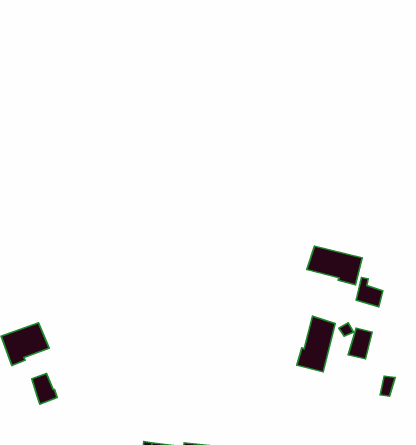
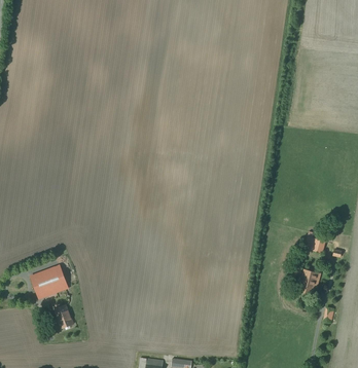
building: [307,246,362,285] -> none
building: [297,316,335,372] -> none

